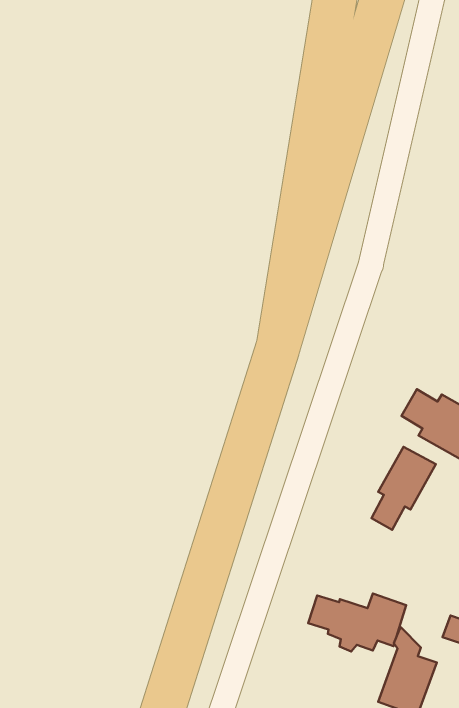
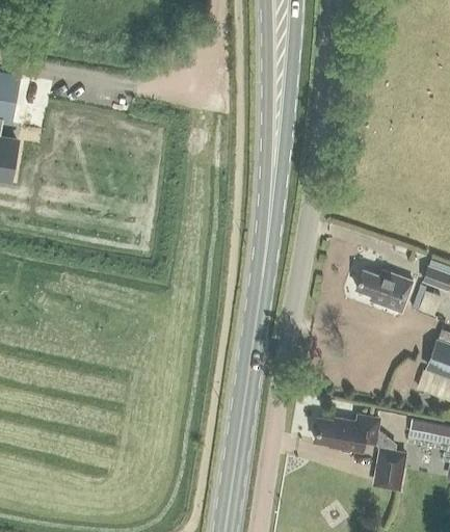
building: [371,447,436,530] -> none

